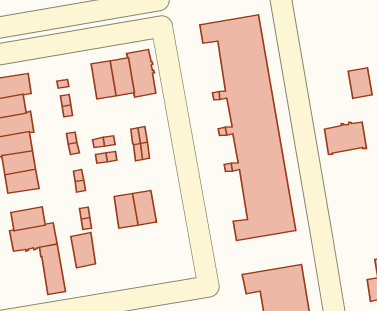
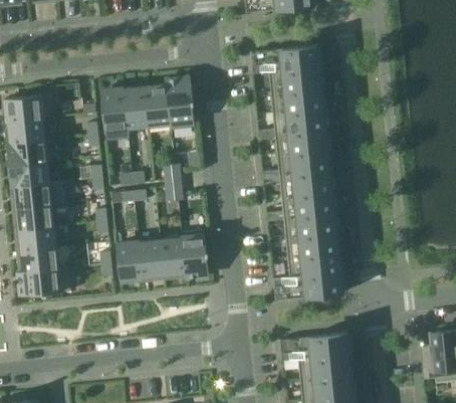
building: none -> [102,88,131,141]
building: [348,68,372,98] -> none
building: [324,122,367,154] -> none
building: none -> [182,230,210,278]
building: none -> [20,226,58,251]
building: [71,233,96,268] -> [118,241,144,280]
building: [39,244,65,295] -> none

